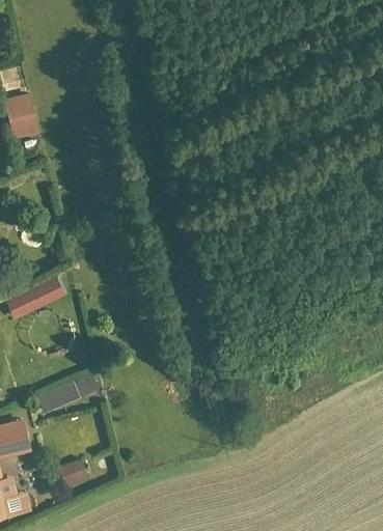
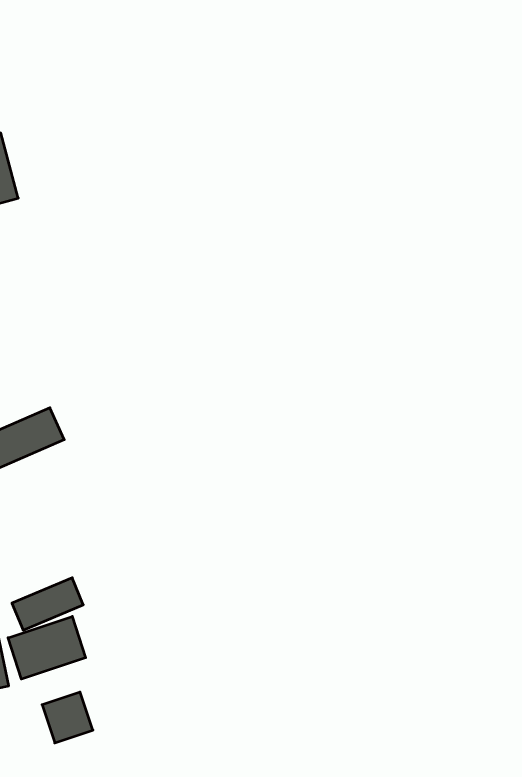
building: none -> [8,616,86,679]

